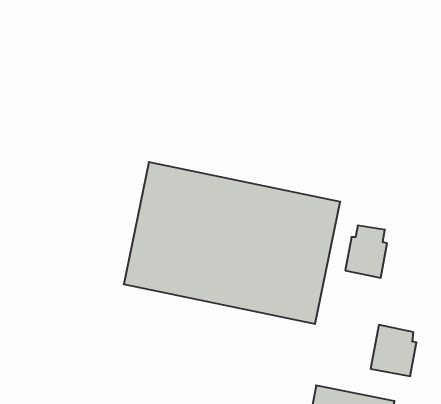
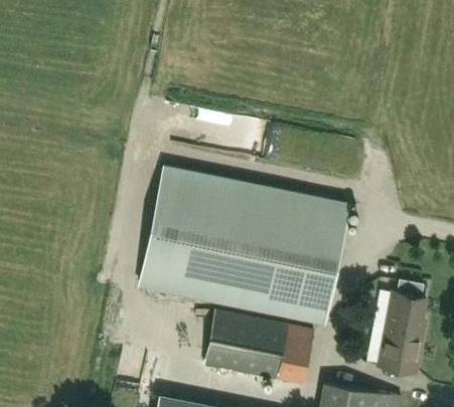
building: [345,226,387,278] -> [386,280,426,331]
building: none -> [204,310,314,385]

